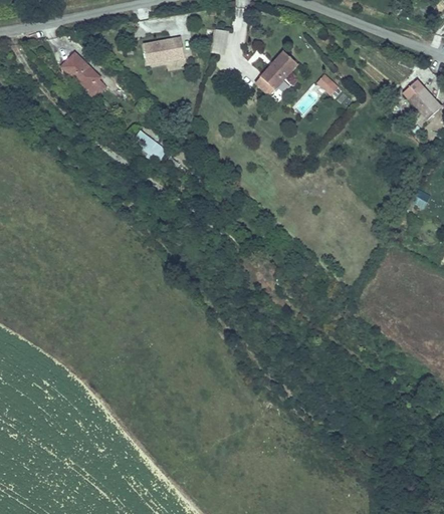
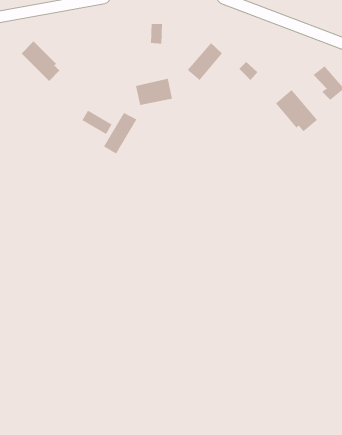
building: [141,35,185,67] -> [135,78,173,106]
building: none -> [275,89,318,132]
building: none -> [103,112,137,155]

